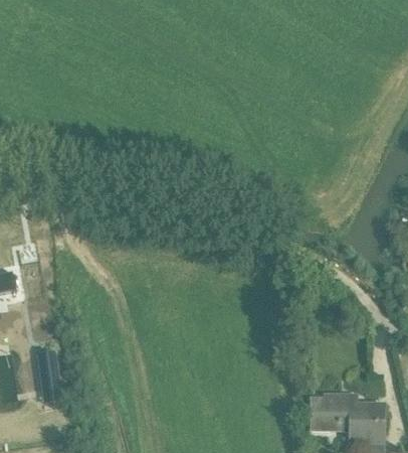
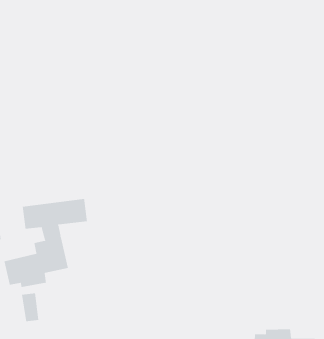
building: none -> [4,198,88,288]

